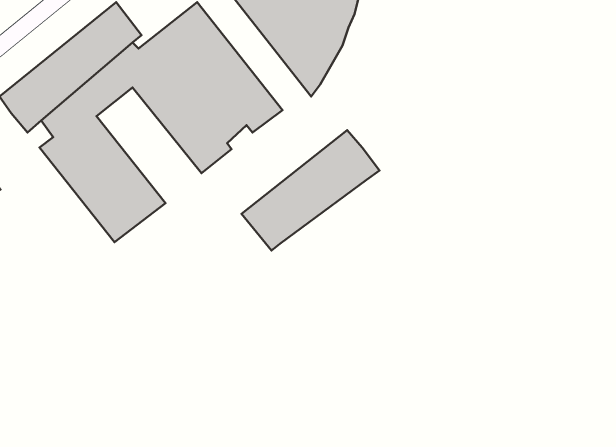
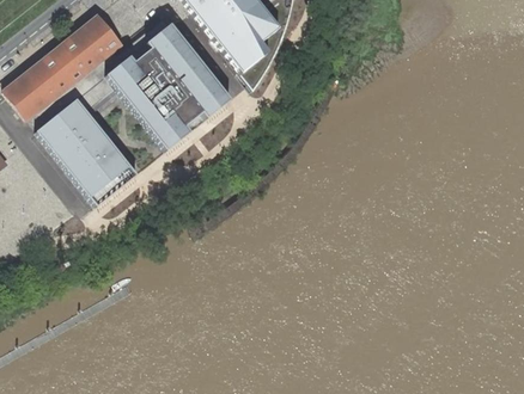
building: [242,130,380,250] -> none

